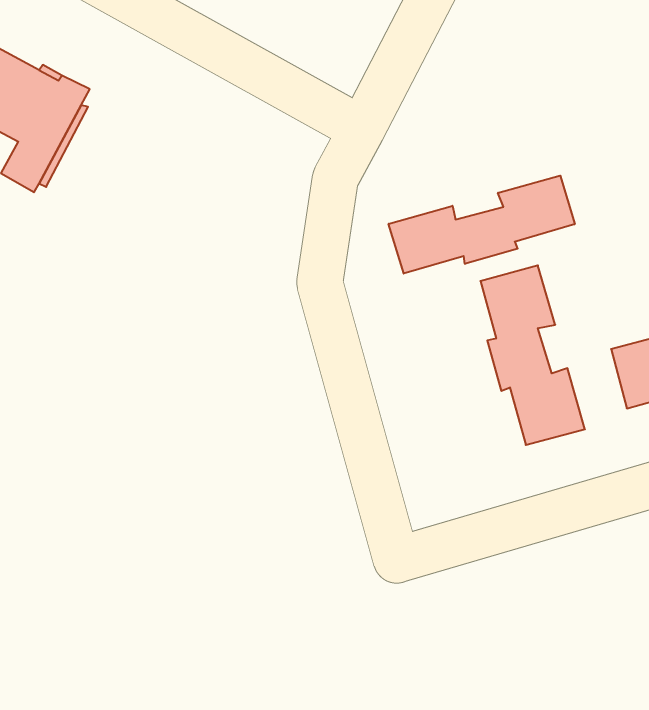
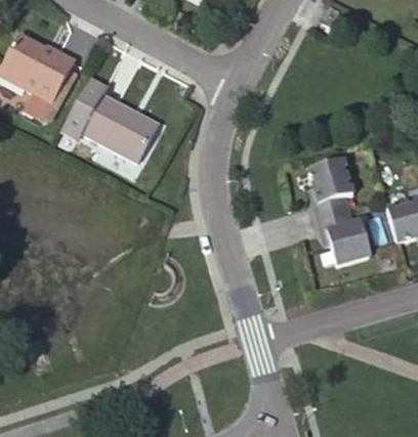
building: none -> [64,78,157,158]
building: [389,176,575,274] -> none

